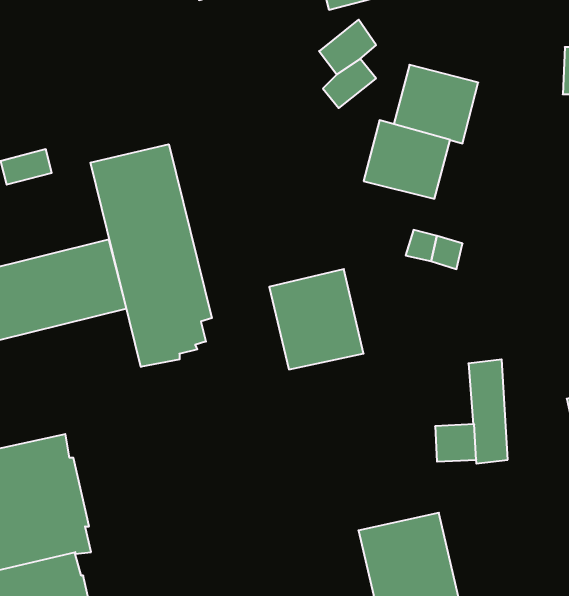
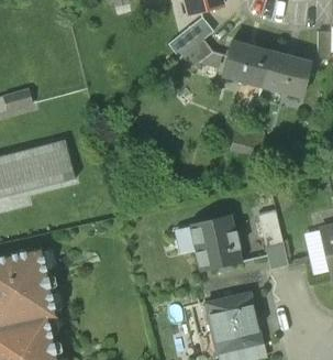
building: [364,120,450,199] -> [262,53,310,97]
building: [90,144,212,367] -> none
building: [269,269,364,369] -> [188,214,241,270]

